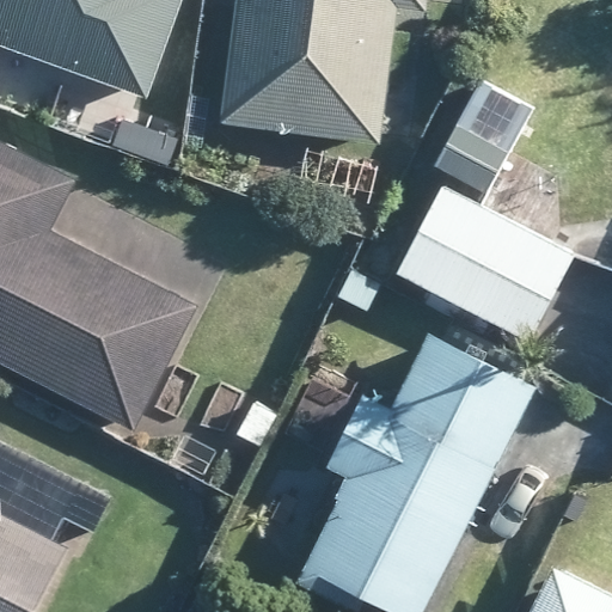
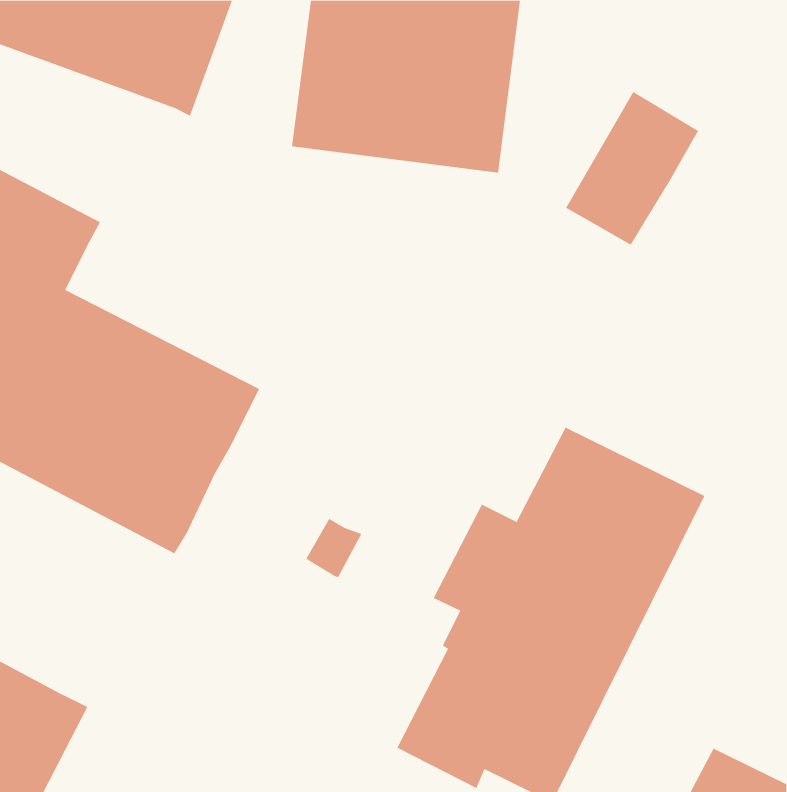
building: [398,183,575,341] -> none

